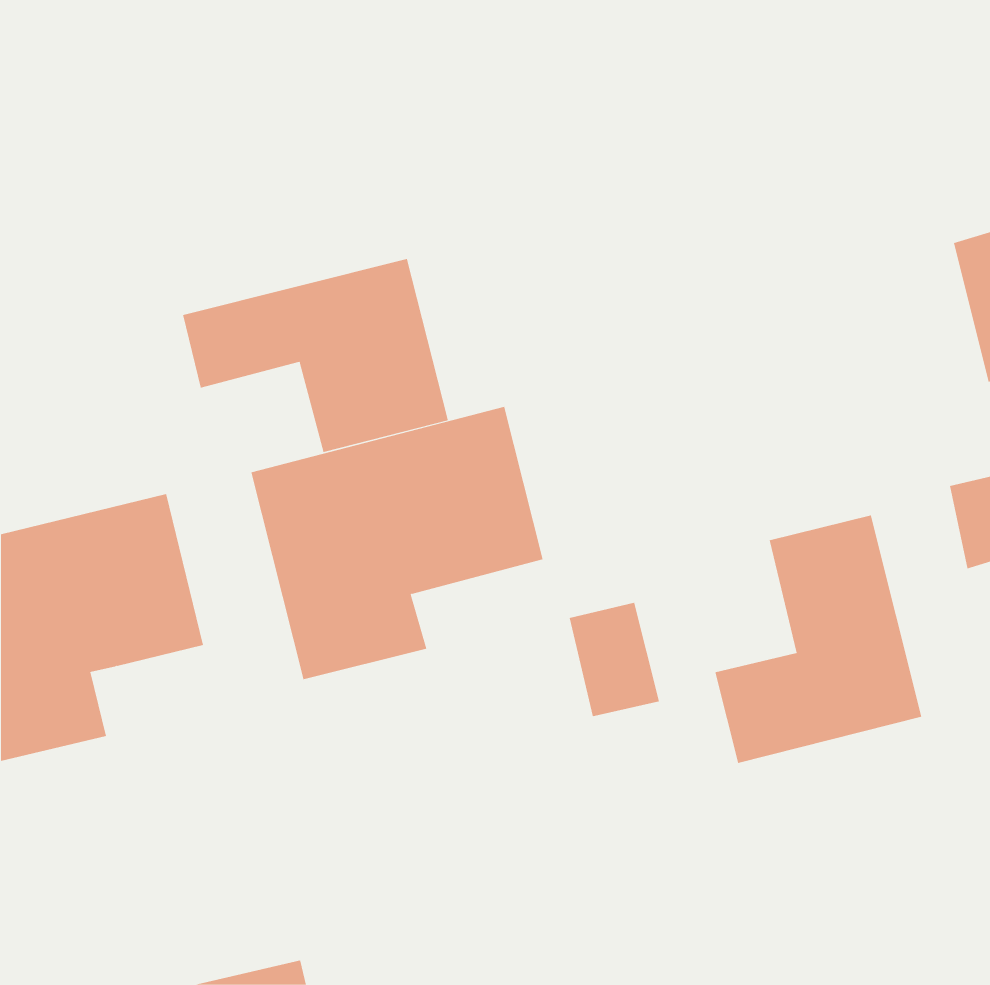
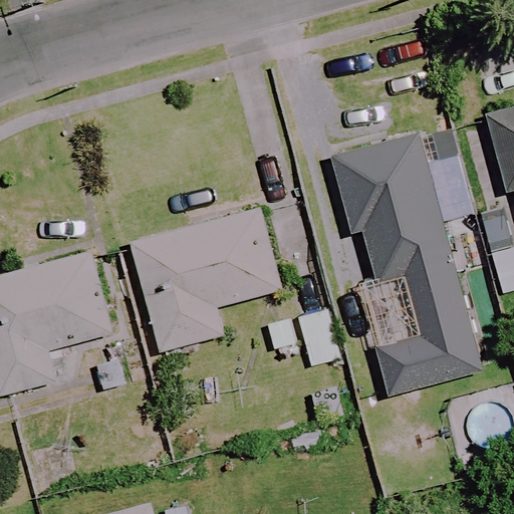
building: none -> [333,133,452,284]
building: [182,258,448,453] -> none

